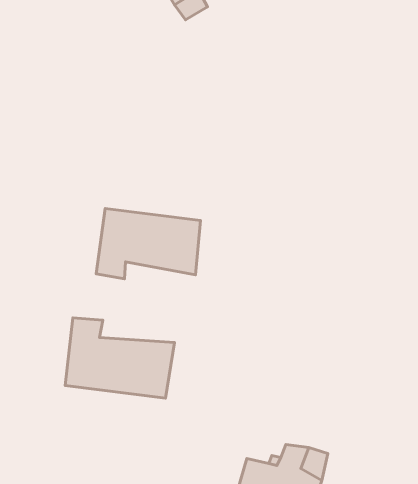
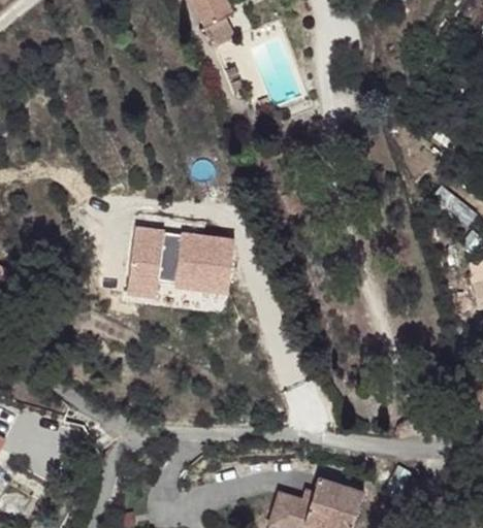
building: [65,318,174,398] -> none

